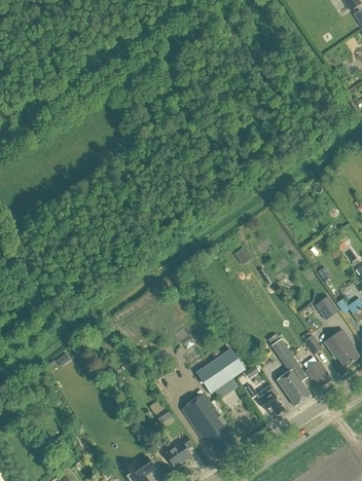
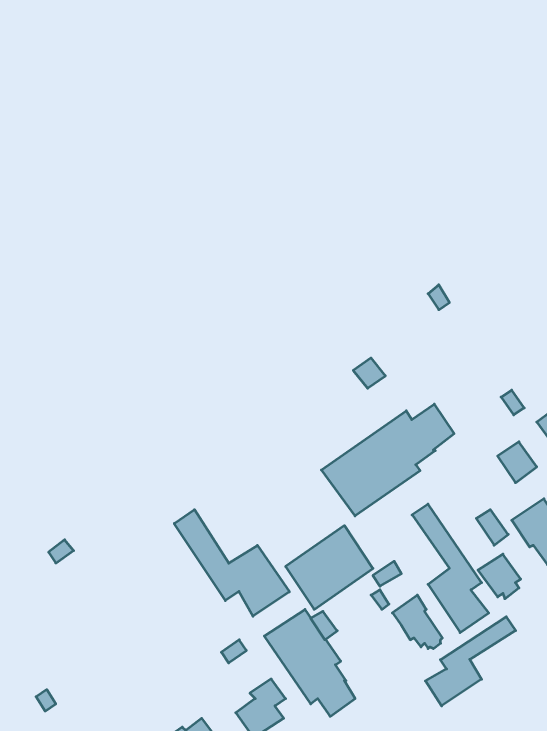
building: none -> [321,404,454,516]
building: none -> [174,510,289,616]
building: none -> [425,617,516,706]

